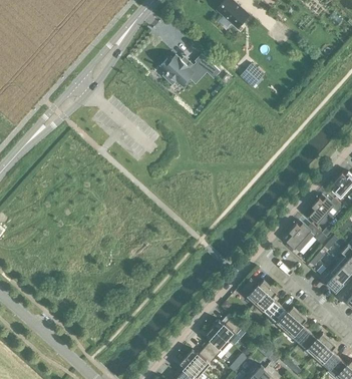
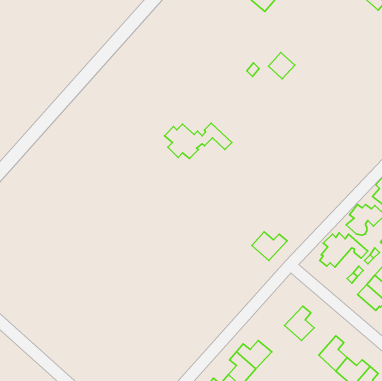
building: [159,55,219,86] -> [164,123,232,159]
building: [239,279,270,304] -> [252,232,287,260]
building: [269,306,299,330] -> none

